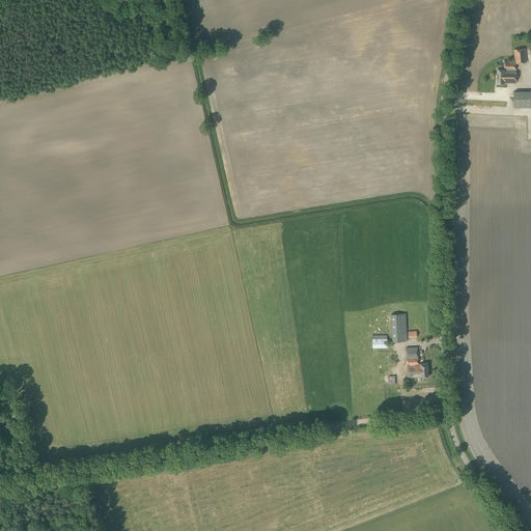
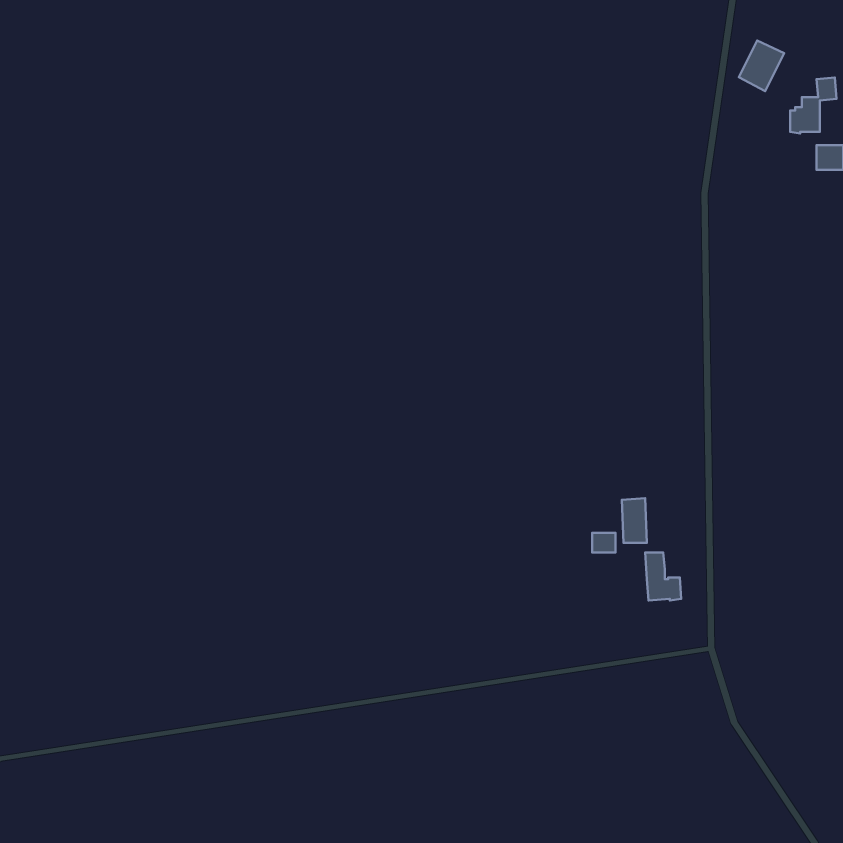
building: none -> [739,40,784,91]

